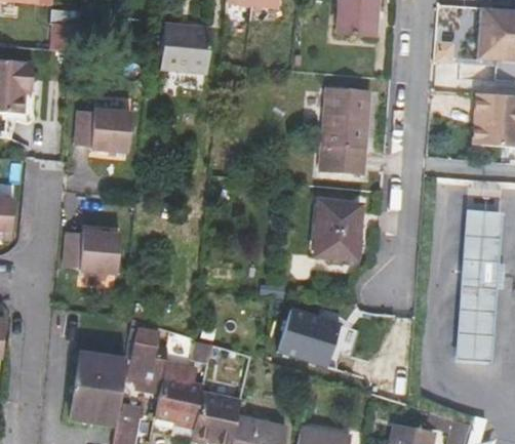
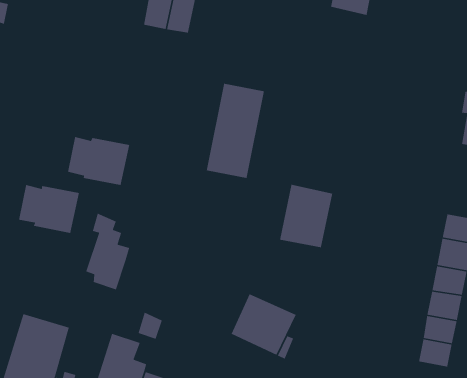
building: [321,86,368,174] -> [206,83,265,179]
building: [76,107,132,150] -> [67,136,130,186]
building: [128,320,168,392] -> [85,212,130,291]

